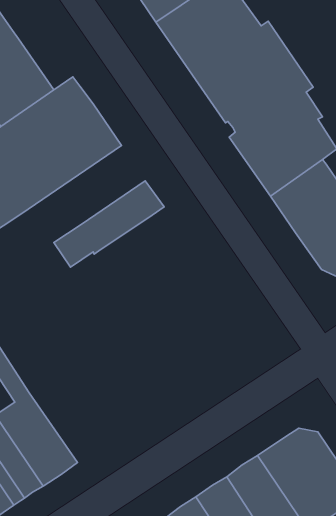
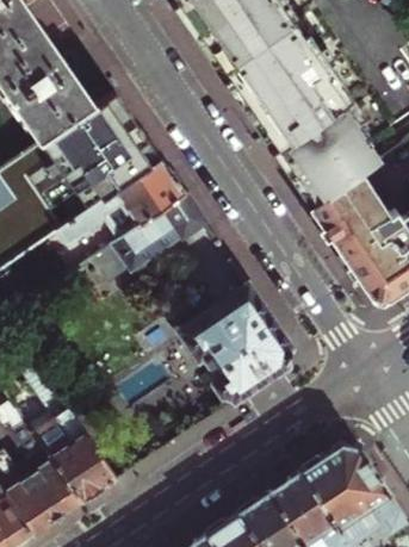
building: none -> [61,162,186,245]
building: none -> [182,288,290,403]

